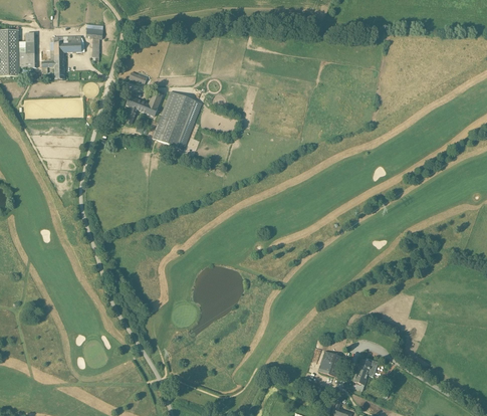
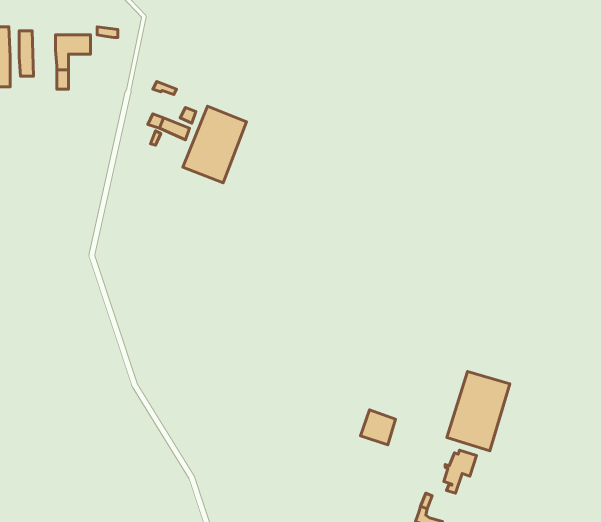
building: none -> [447,371,510,451]
building: [318,350,345,377] -> [360,410,396,445]

